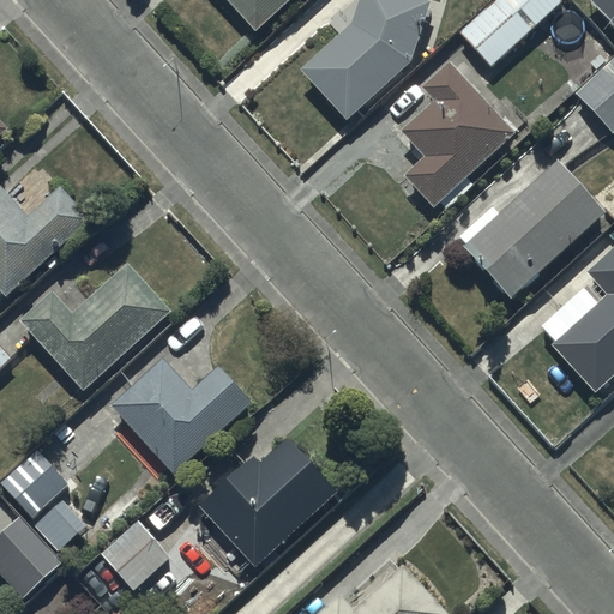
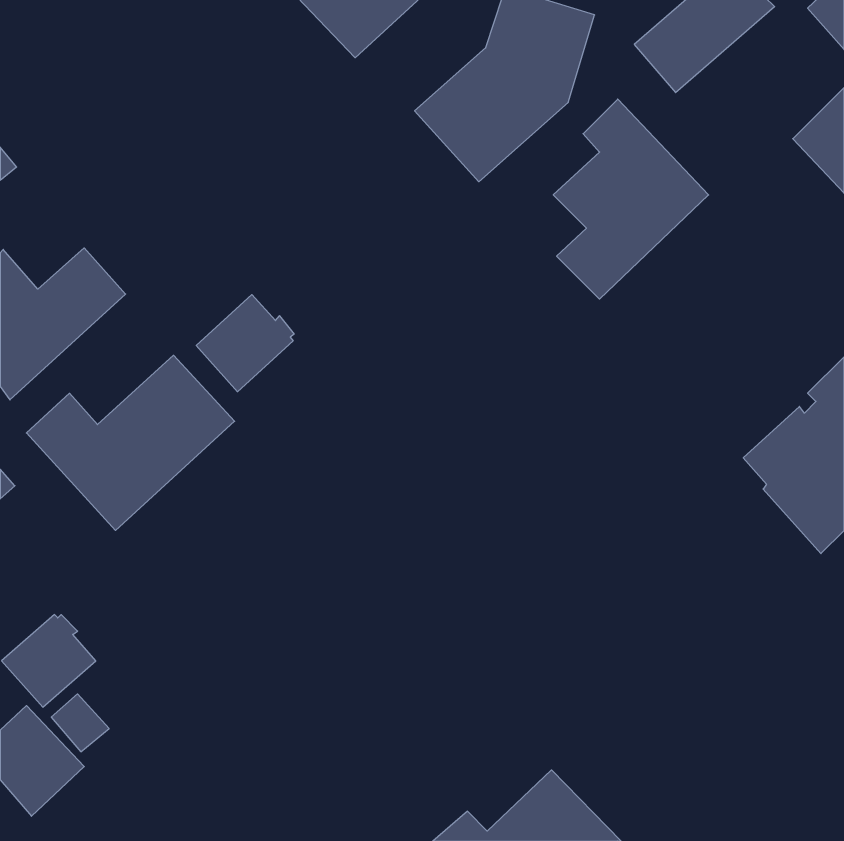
building: [462,170,606,311] -> none
building: none -> [196,295,294,392]
building: [110,353,253,470] -> none
building: [199,434,335,562] -> none
building: [106,520,170,584] -> none

